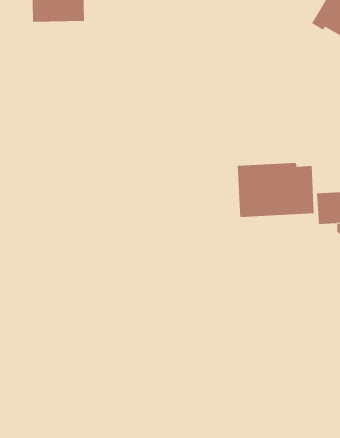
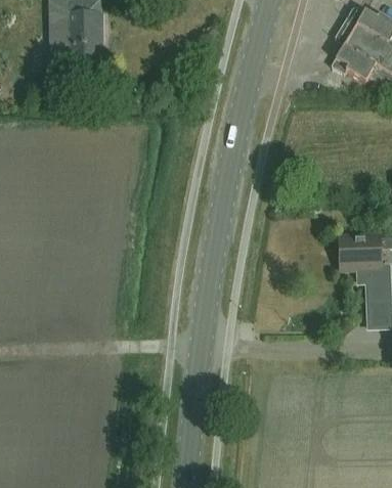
building: [237,162,314,218] -> none

